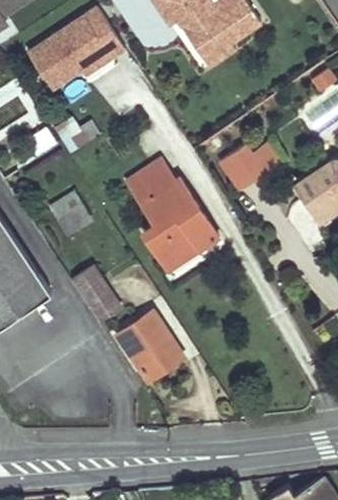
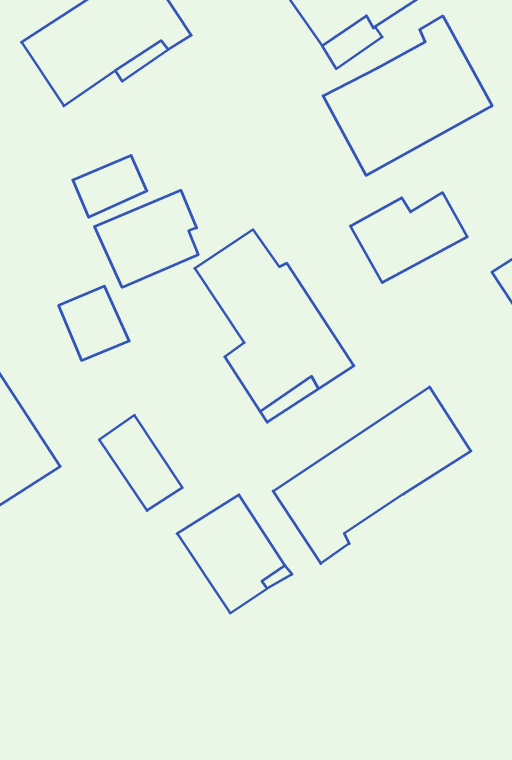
building: none -> [323,16,492,175]
building: none -> [95,190,198,287]
building: none -> [273,387,471,564]

